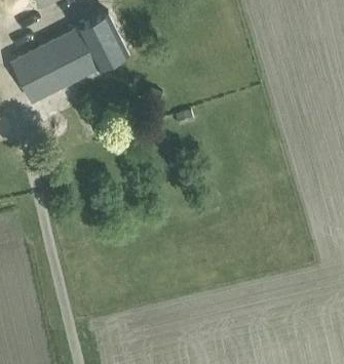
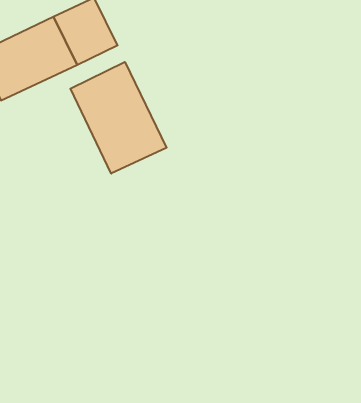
building: none -> [70,62,167,174]

